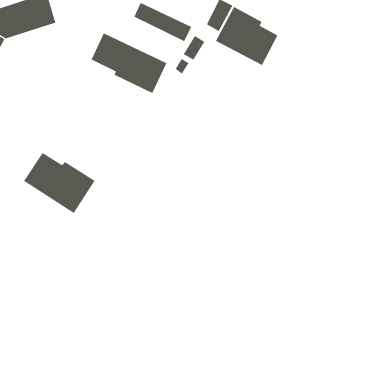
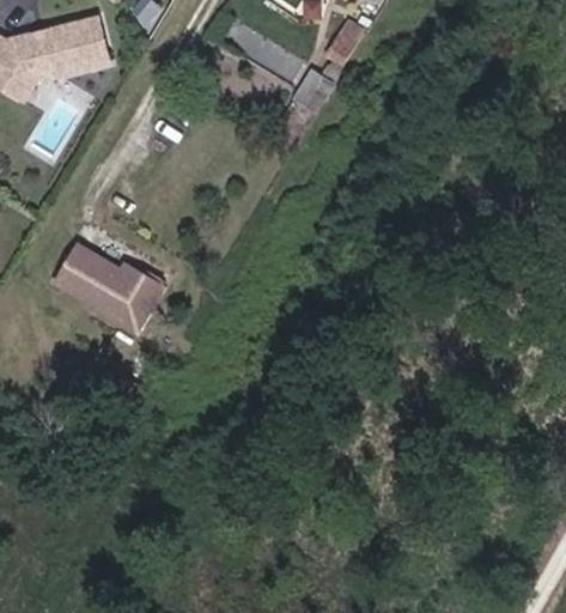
building: [215,6,278,66] -> none
building: [91,33,167,94] -> none

